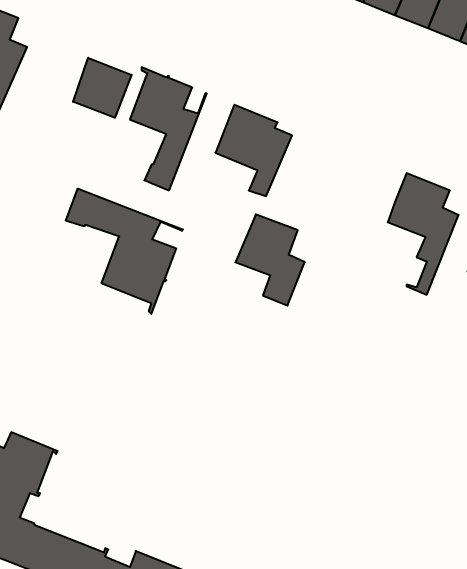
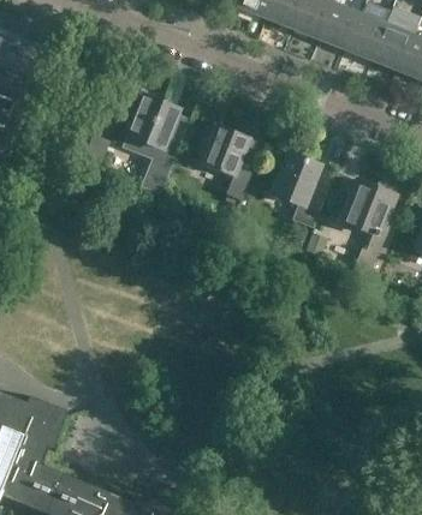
building: [73,58,132,118] -> none
building: [66,189,183,314] -> none
building: [235,214,305,306] -> [268,152,326,228]

